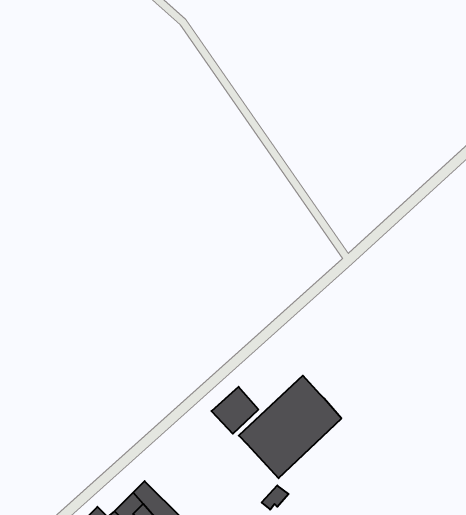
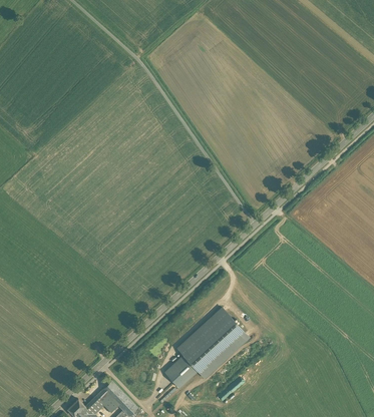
building: [211,387,258,434] -> [162,356,196,389]

